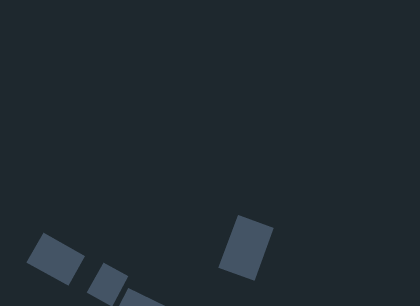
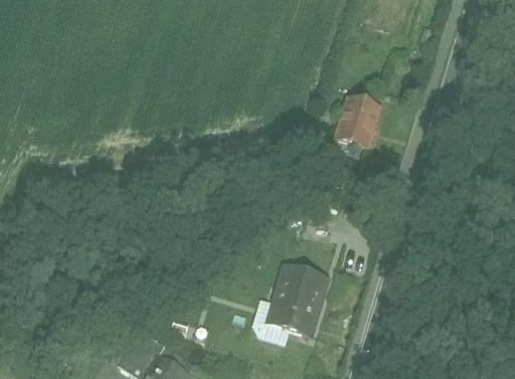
building: none -> [332,85,379,145]
building: [25,232,86,287] -> none

